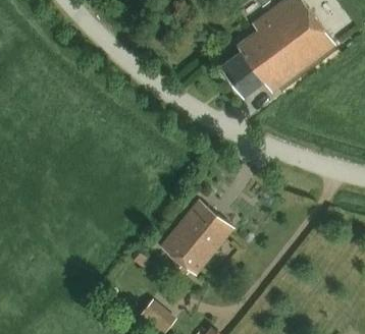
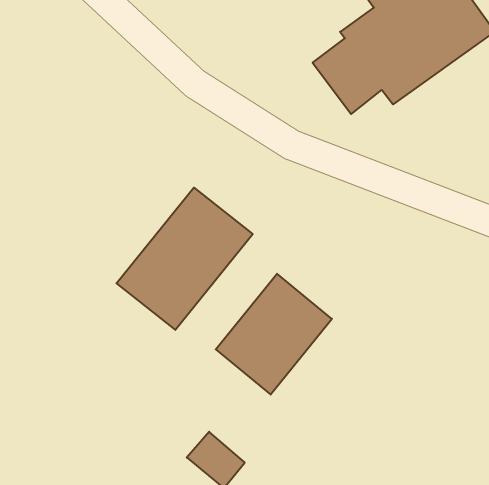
building: none -> [116,188,253,330]

